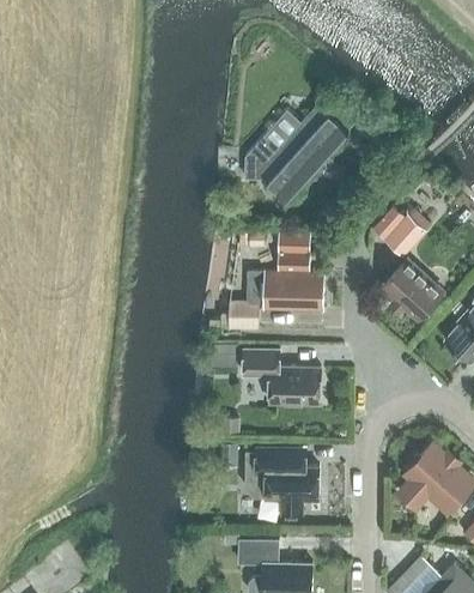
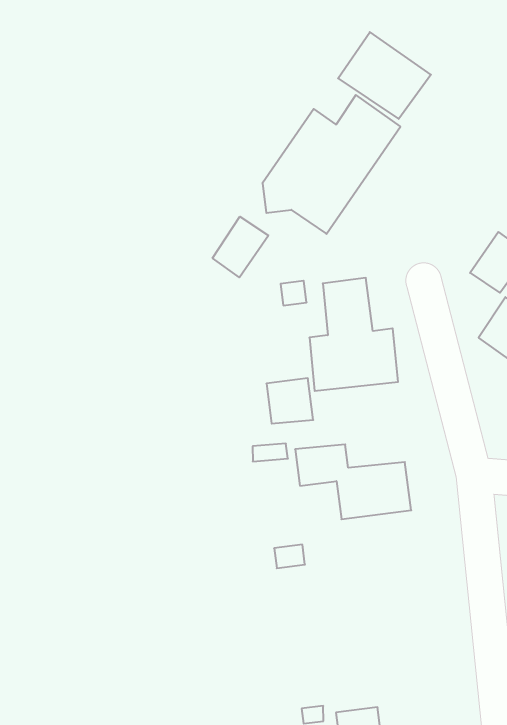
building: none -> [338,32,431,119]
building: none -> [213,217,268,277]
building: [245,448,320,515] -> none

